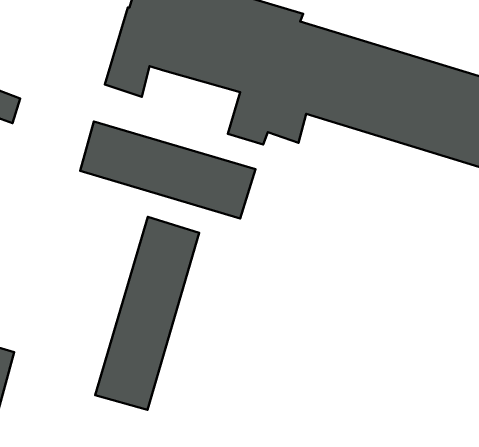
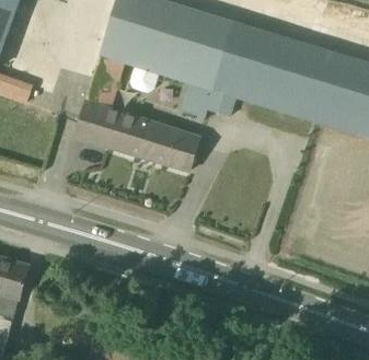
building: [95,217,199,410] -> none

